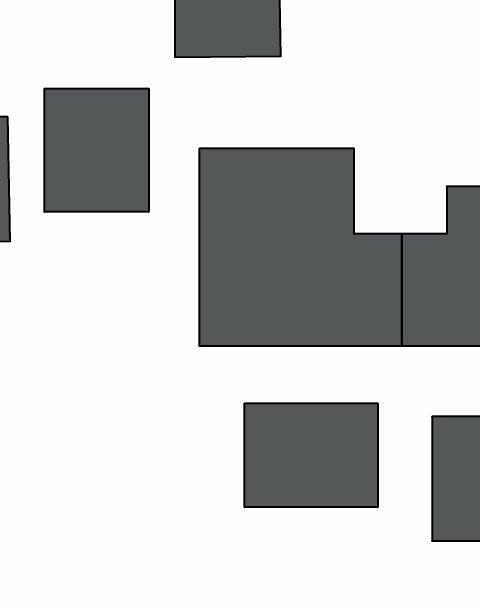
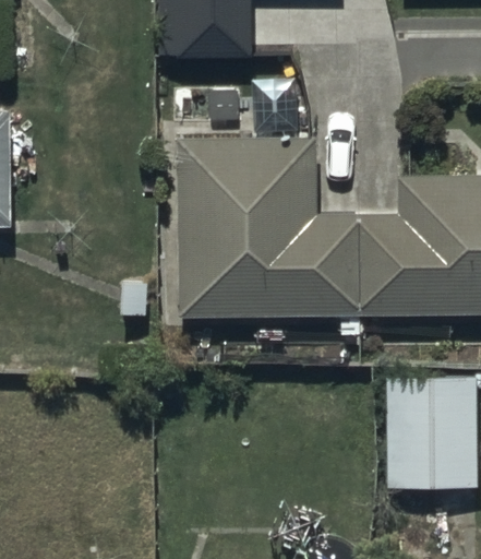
building: [44,89,149,212] -> none
building: [245,403,378,507] -> none

